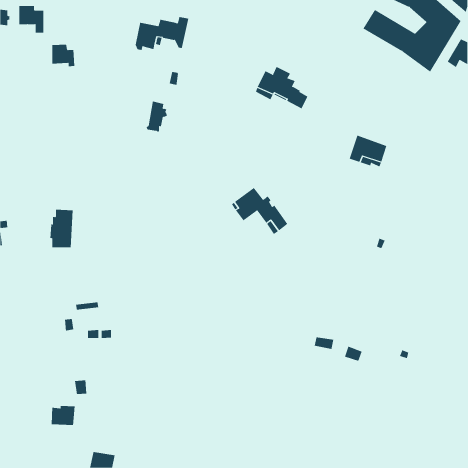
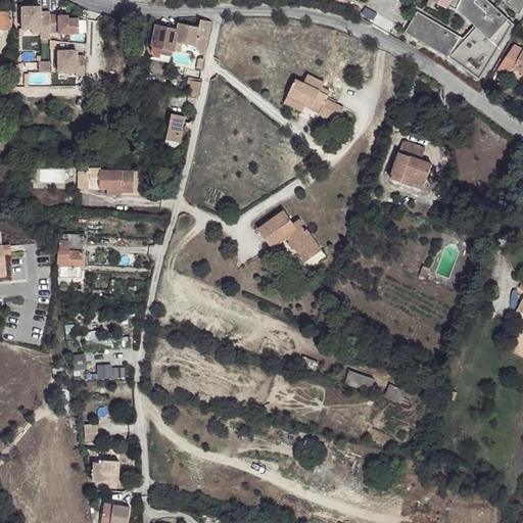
building: none -> [49,13,78,33]
building: none -> [77,168,132,194]
building: [51,405,76,426] -> [91,459,118,481]

